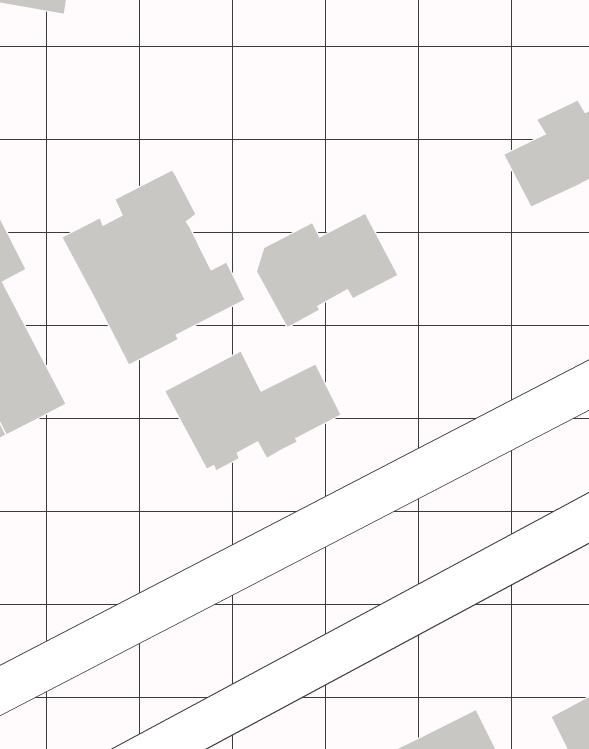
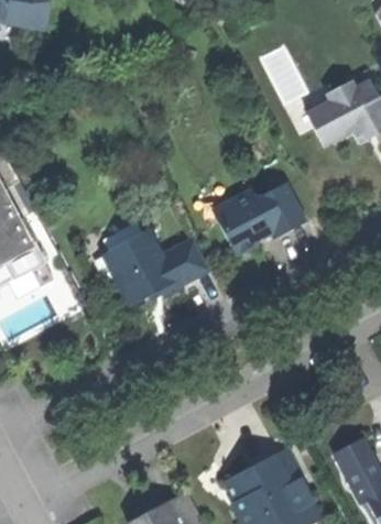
building: [62,170,245,365] -> none
building: [256,213,398,328] -> [218,185,304,254]

